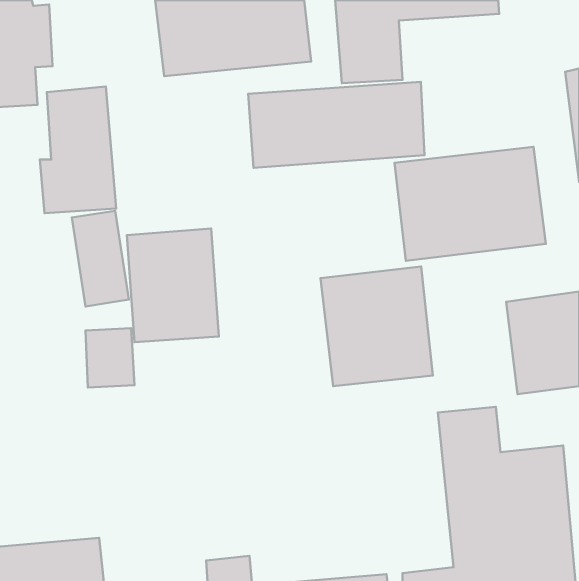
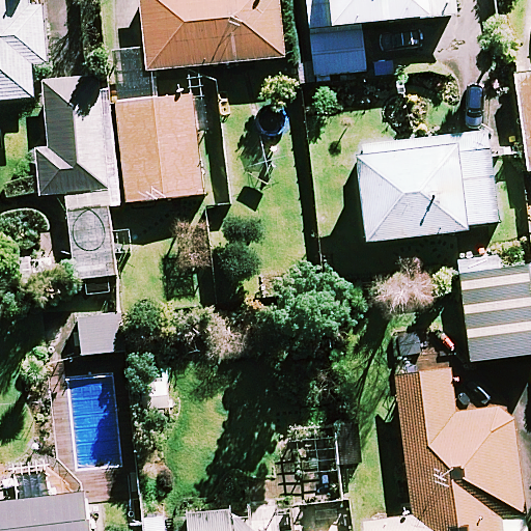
building: [248,82,425,168] -> none
building: [127,228,219,342] -> [117,96,201,200]
building: [321,266,433,386] -> none

